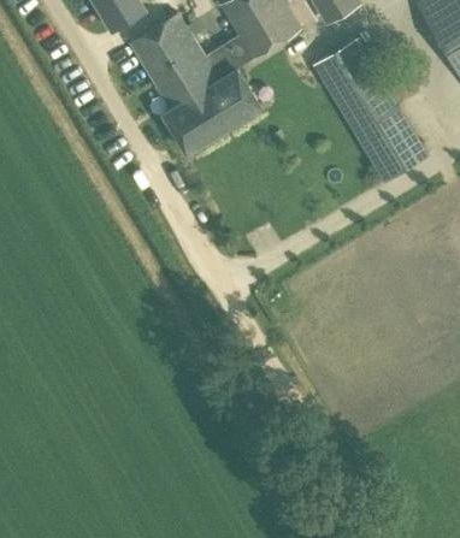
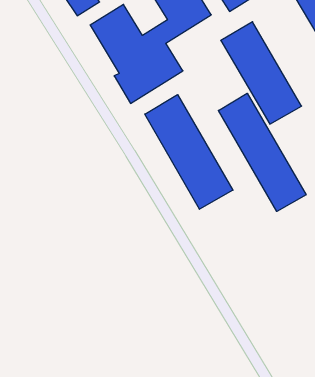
building: none -> [218,93,306,211]
building: none -> [145,95,233,209]

